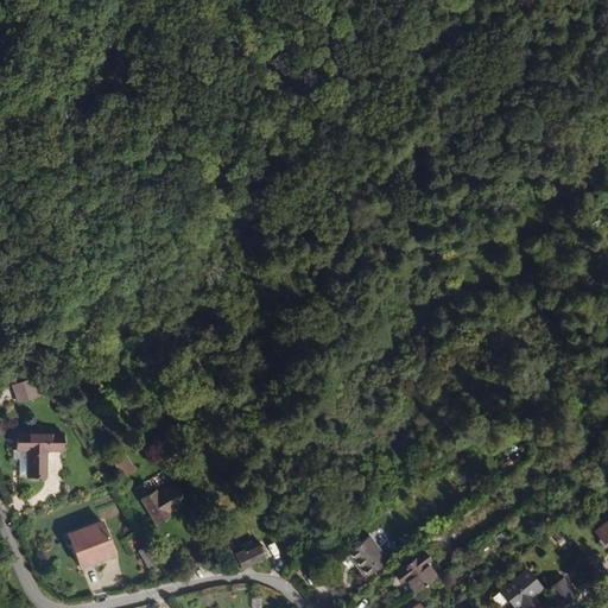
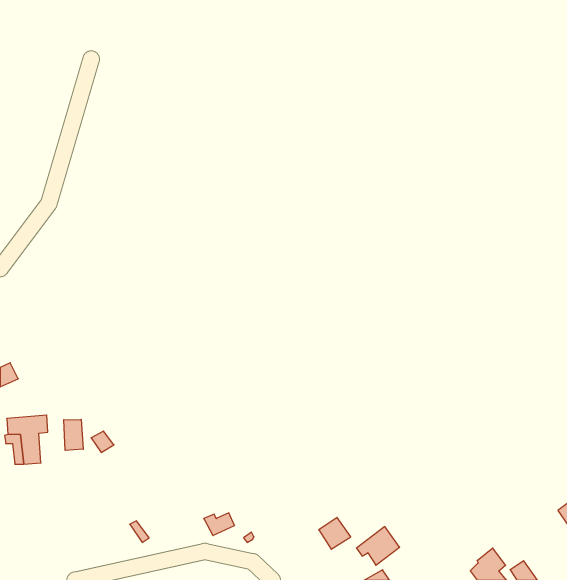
building: none -> [64,419,83,450]
building: [133,484,178,525] -> none
building: [77,522,126,569] -> none

